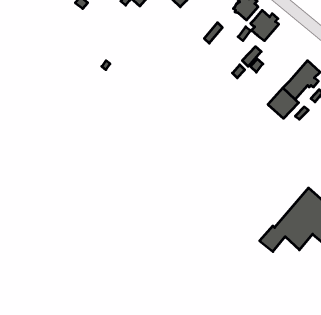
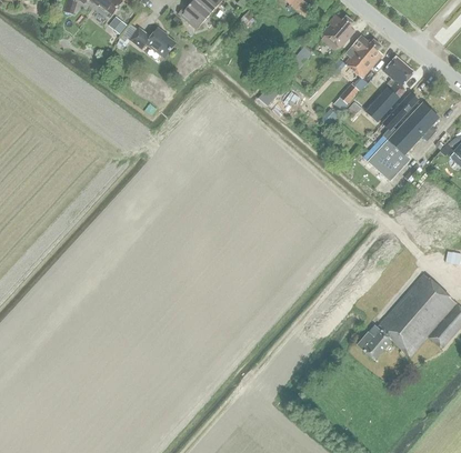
building: none -> [129,27,176,56]
building: none -> [364,56,413,121]
building: none -> [382,92,418,139]

